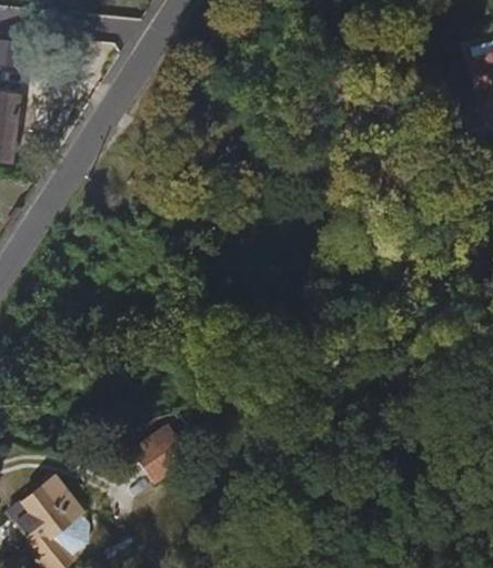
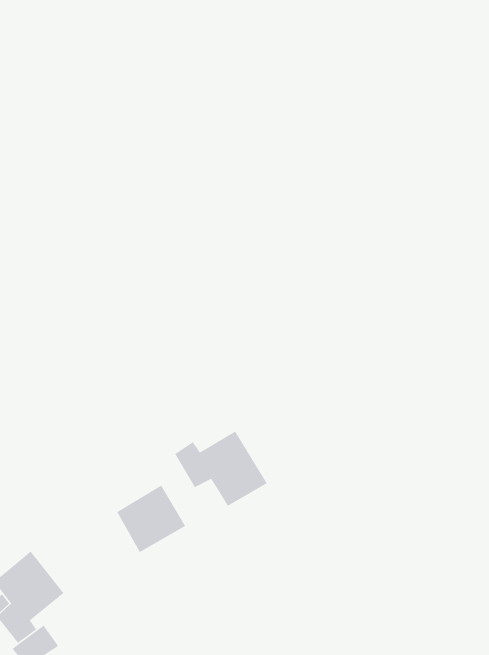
building: none -> [174,431,268,507]

